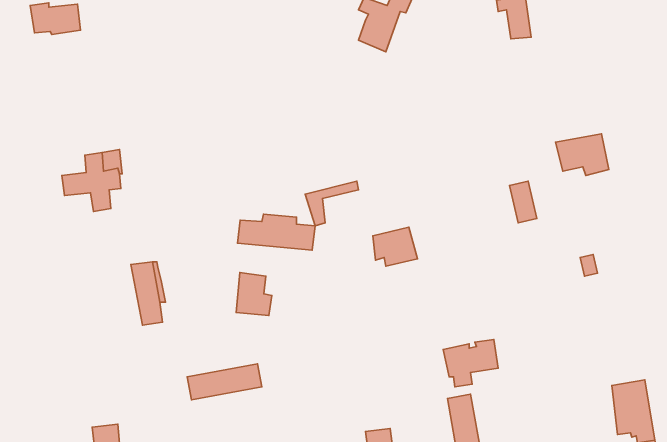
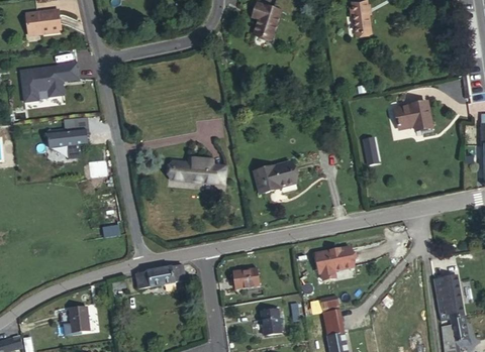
building: none -> [19,60,78,100]
building: [305,181,358,226] -> [253,161,290,193]
building: [236,272,272,316] -> none
building: none -> [231,267,258,288]

